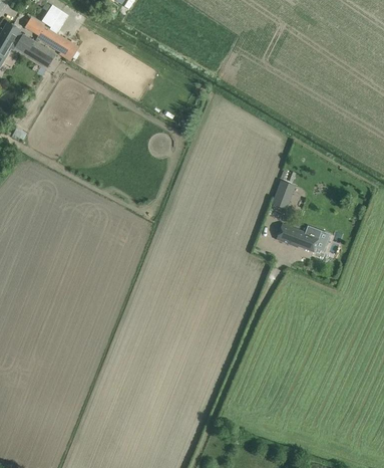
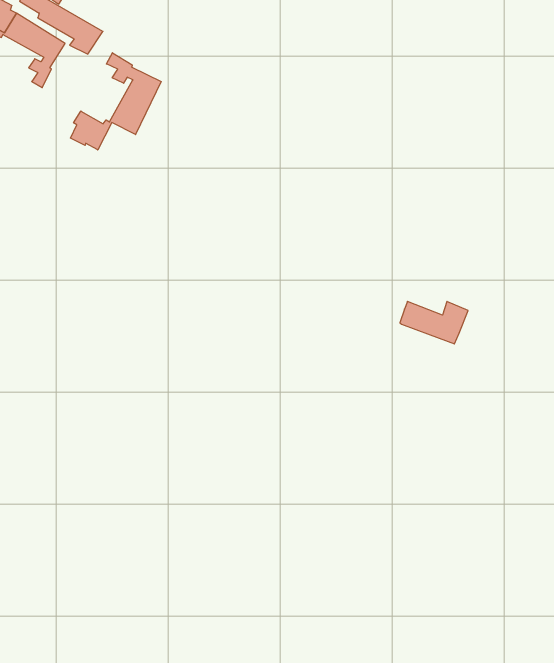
building: none -> [70,53,161,150]
building: [273,180,296,208] -> none

